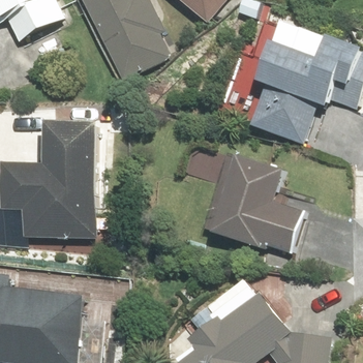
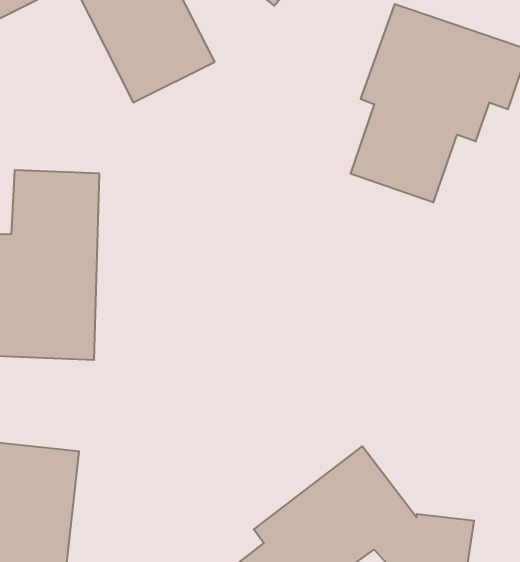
building: [213,155,303,254] -> none

